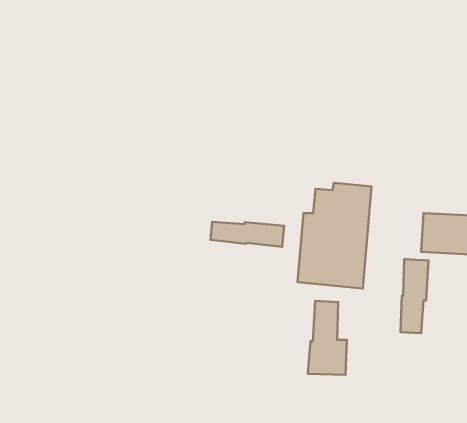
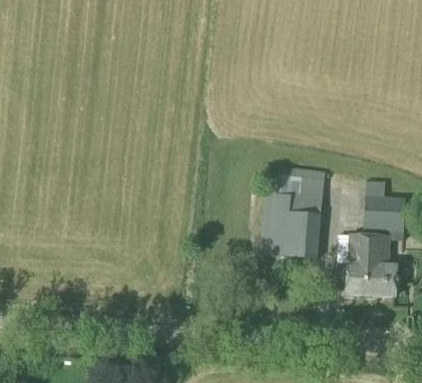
building: [210,222,284,247] -> none
building: [308,301,347,375] -> [364,235,396,296]

